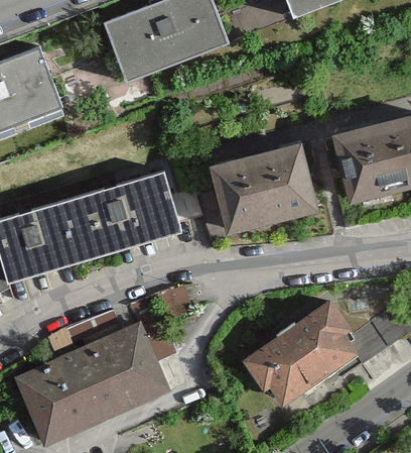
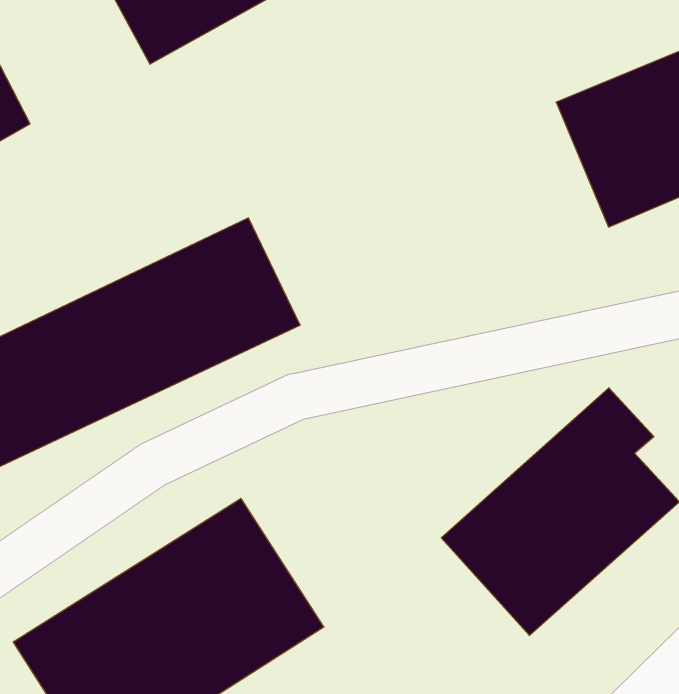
building: [207,145,318,238] -> none

